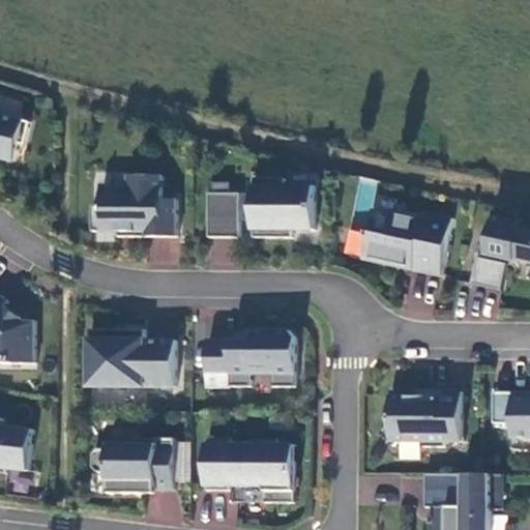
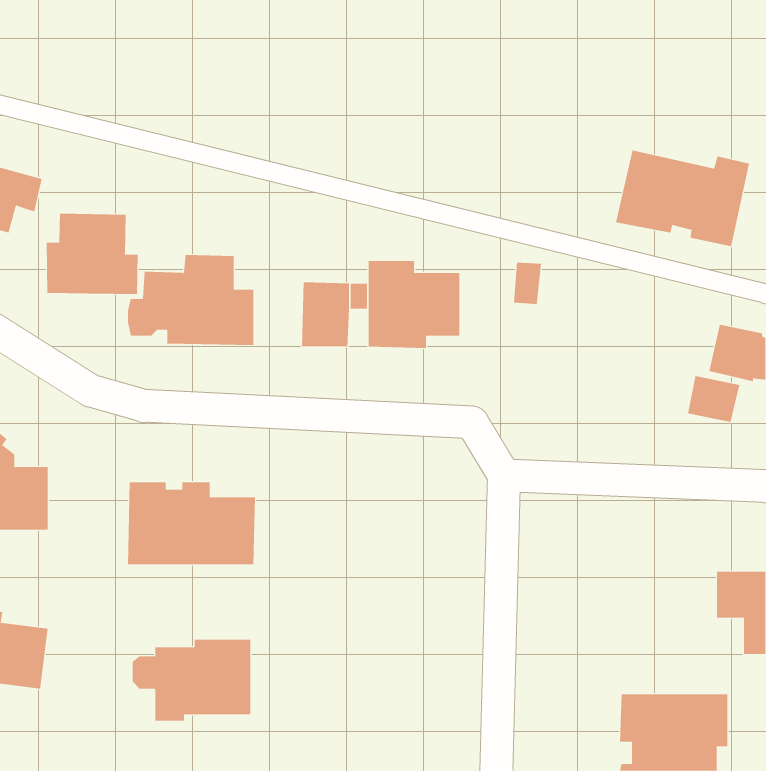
building: none -> [46,213,138,295]
building: [360,209,452,275] -> [615,150,750,247]
building: [205,330,295,387] -> none
building: [378,390,461,447] -> none
building: [204,439,294,503] -> none

